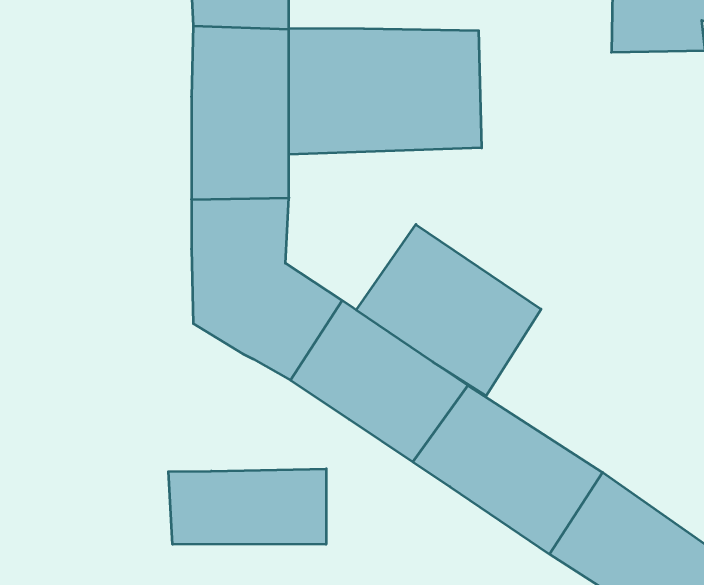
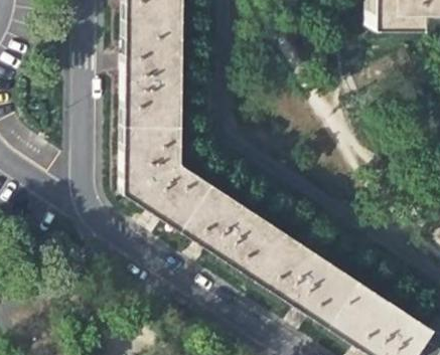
building: [289,28,482,154] -> none
building: [356,224,541,396] -> none
building: [168,469,326,544] -> none

